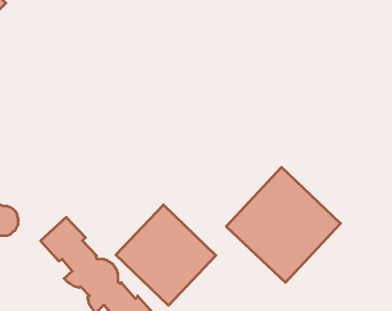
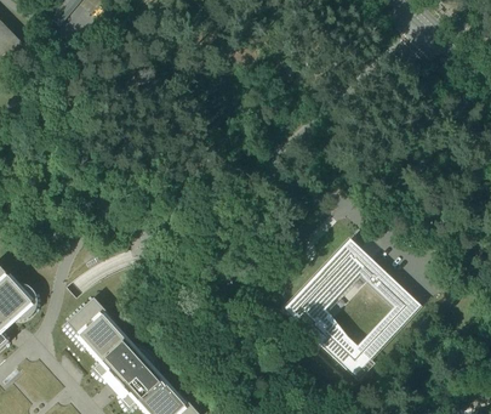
building: [116,205,216,305] -> none

